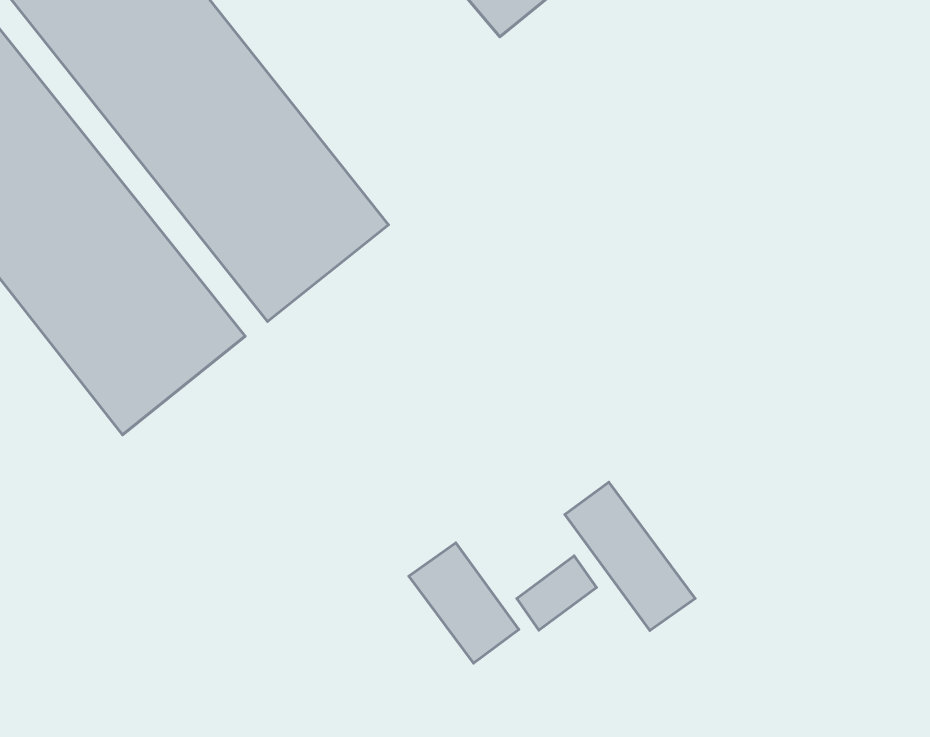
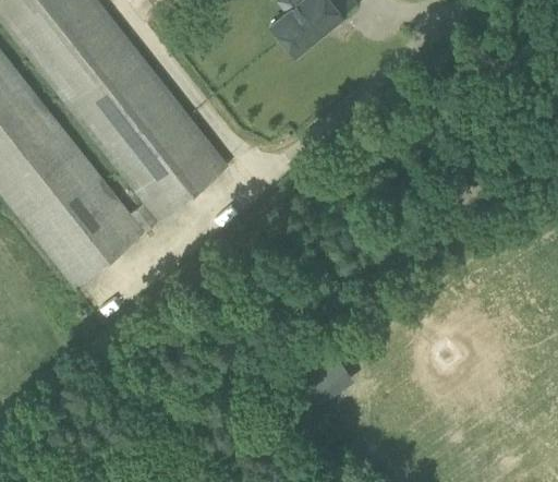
building: [565,482,695,631] -> none
building: [409,543,519,663] -> none

